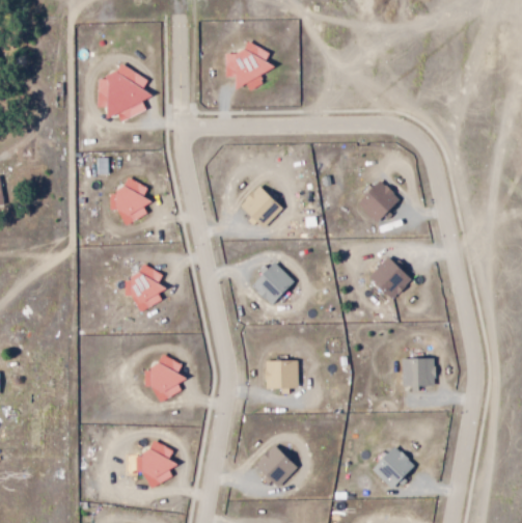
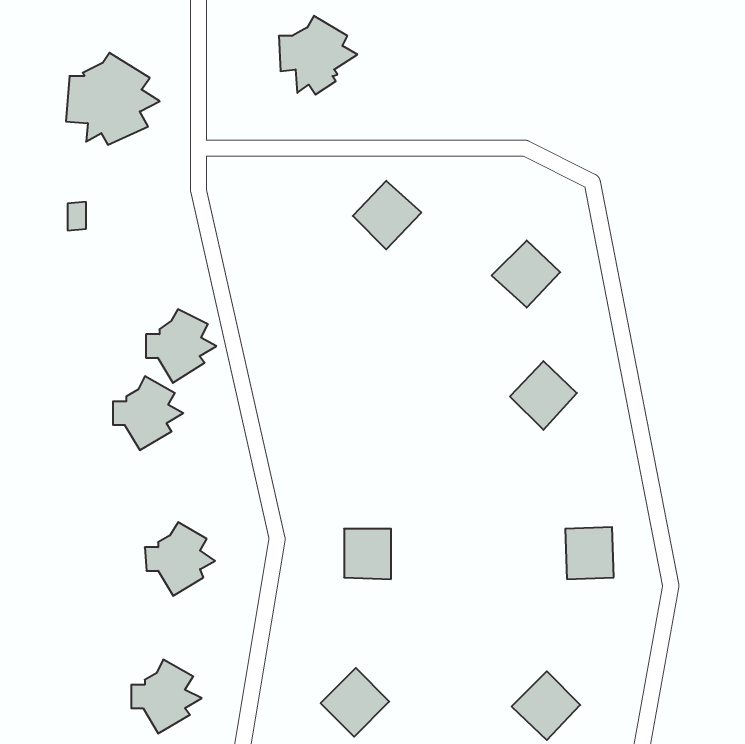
building: [109,178,153,224] -> [146,309,216,383]
building: [242,186,284,228] -> [353,181,421,249]
building: [253,262,296,304] -> none

